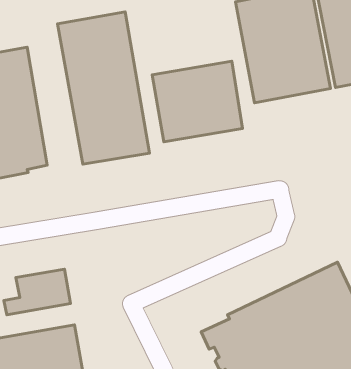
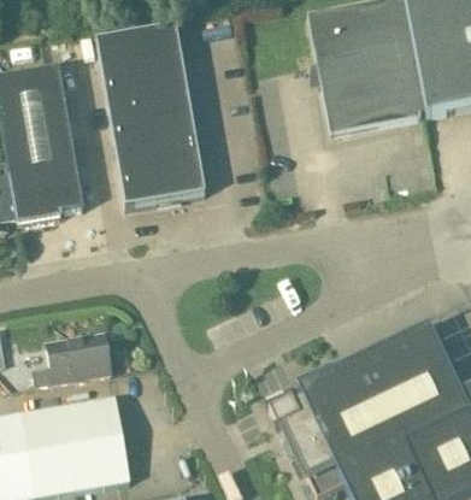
building: [152,61,243,142] -> none

